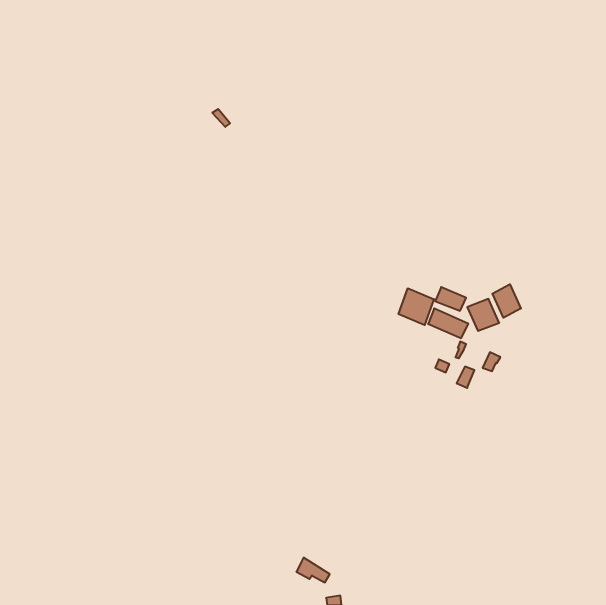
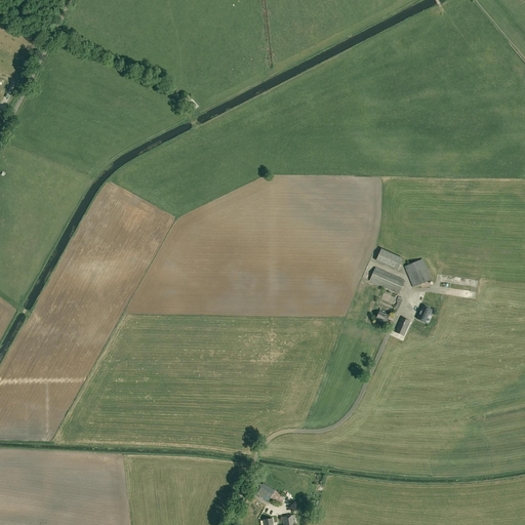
building: [492,284,521,318] -> none
building: [399,288,434,325] -> none

